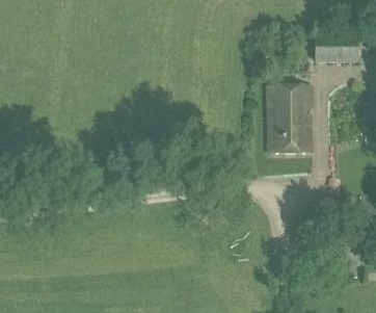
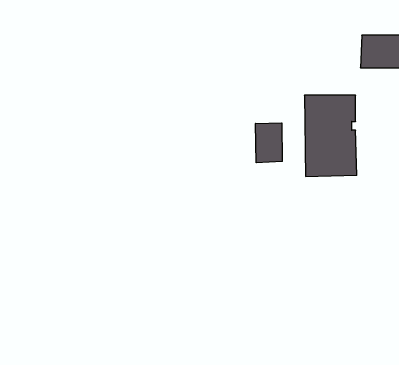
building: none -> [256,123,282,163]

